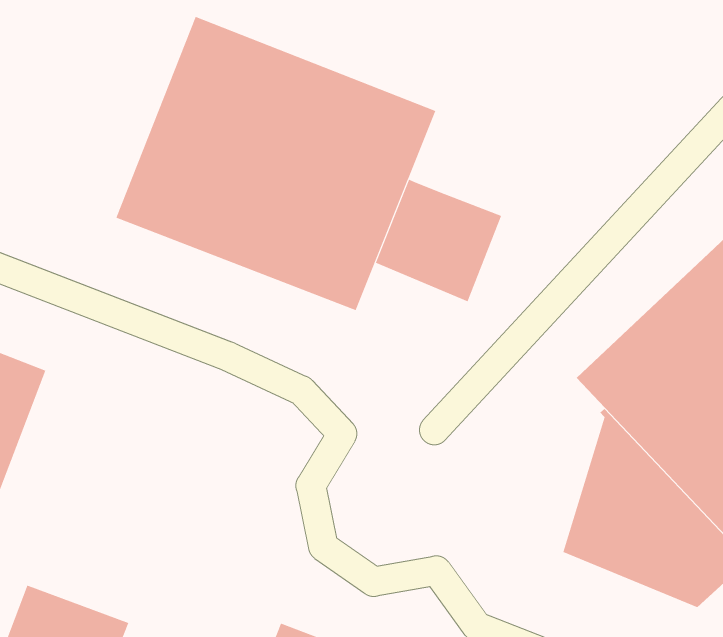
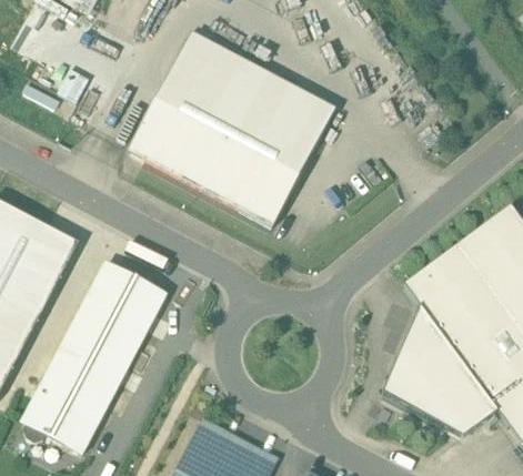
building: [375,179,502,302] -> none
building: none -> [46,261,168,405]

